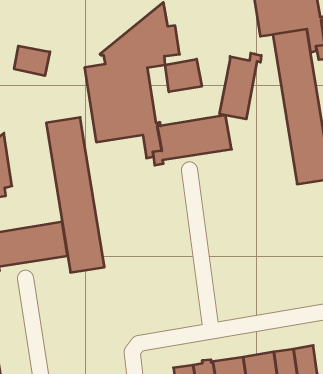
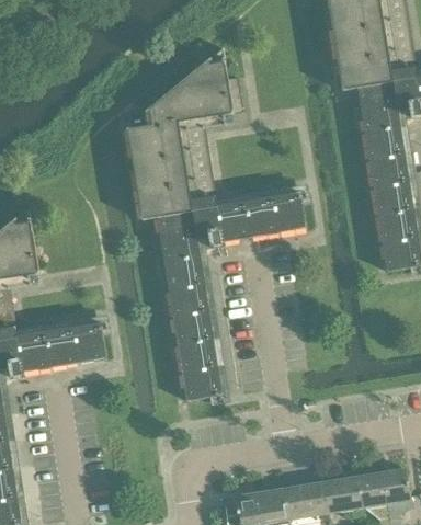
building: [14,46,50,76] -> none
building: [220,53,261,119] -> none
building: [165,59,202,92] -> none
building: [46,117,104,272] -> [155,210,226,400]

